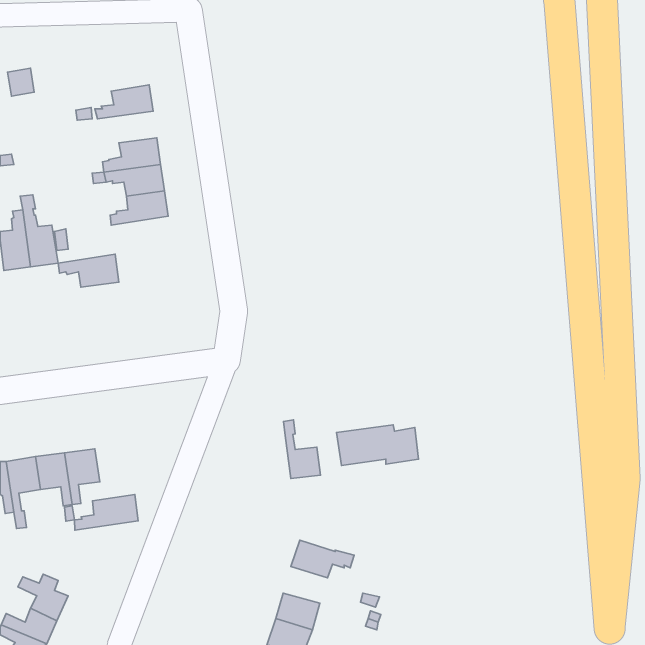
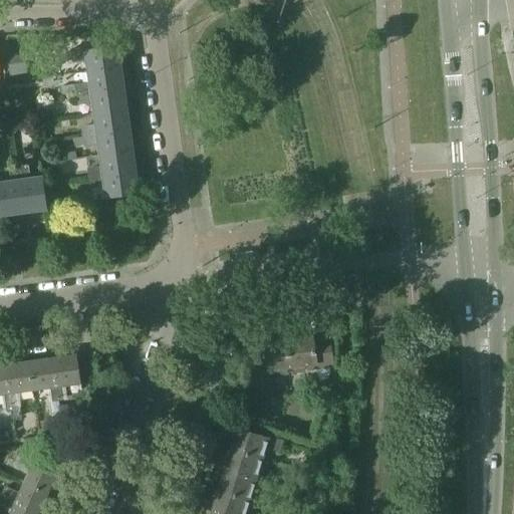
building: none -> [71,47,119,73]
building: none -> [78,89,125,114]
building: [58,254,119,287] -> [89,173,138,199]
building: [283,420,320,478] -> none
building: [75,495,138,530] -> none
building: none -> [226,451,261,480]

